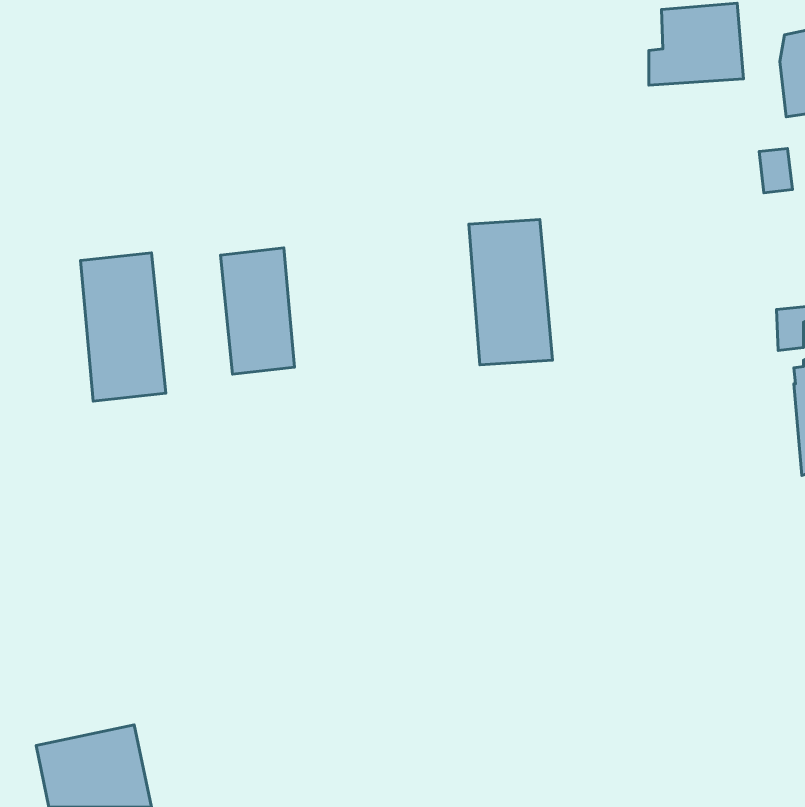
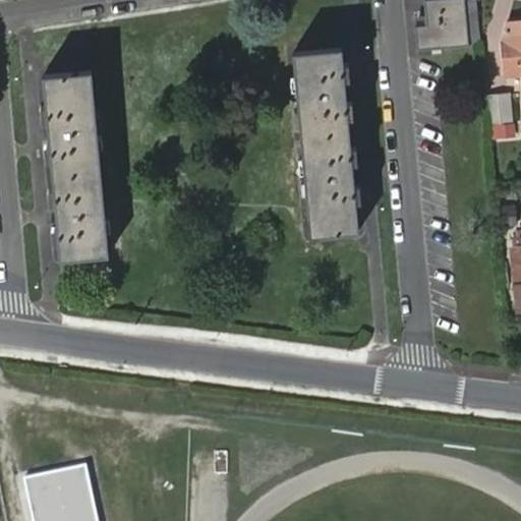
building: none -> [295,51,349,144]
building: none -> [45,72,99,168]
building: [221,248,294,374] -> none

